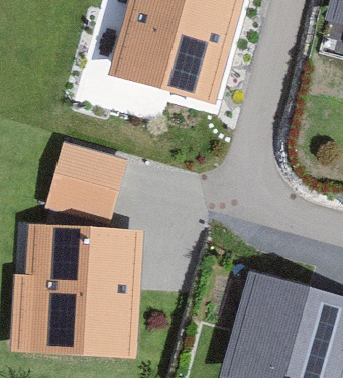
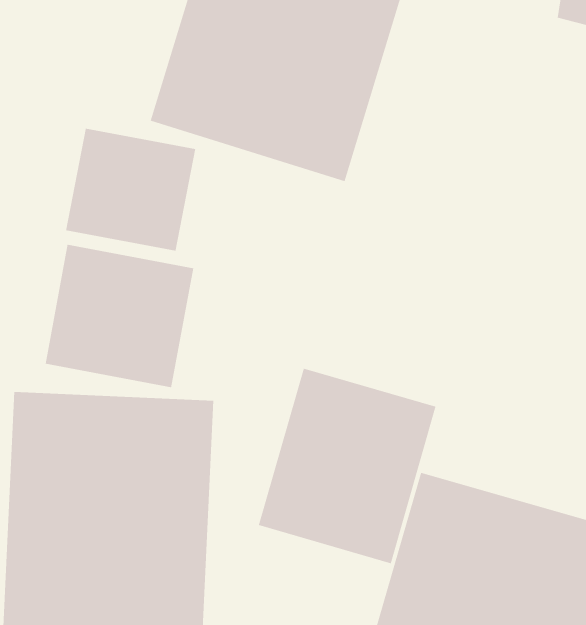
building: none -> [66,128,196,251]
building: none -> [258,368,436,564]

